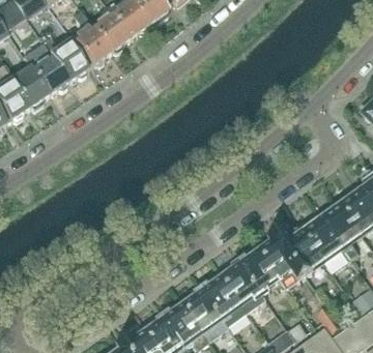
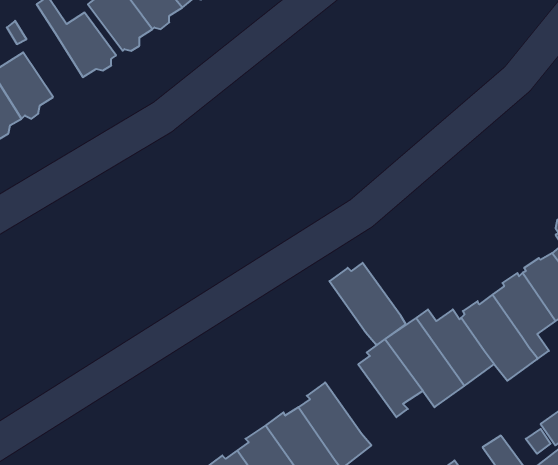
building: [30,54,67,94] -> none
building: [219,261,266,313] -> [329,263,406,346]

